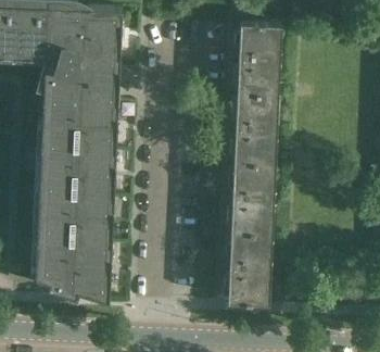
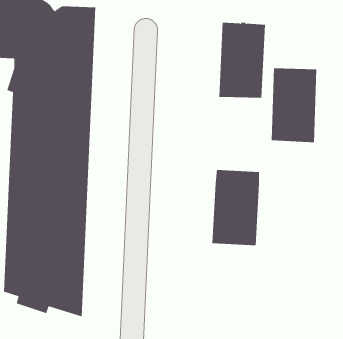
building: [233,95,277,165] -> [271,68,317,143]
building: [226,232,271,305] -> none

